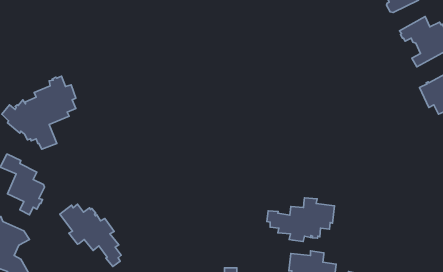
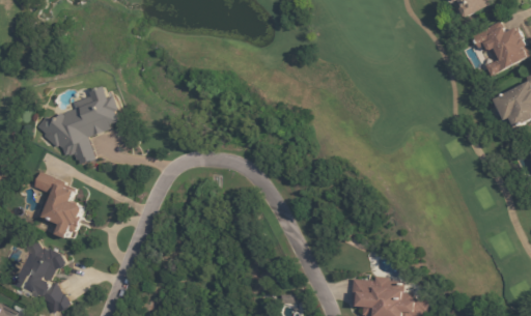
building: [267,198,335,242] -> none
building: [60,204,121,267] -> none

